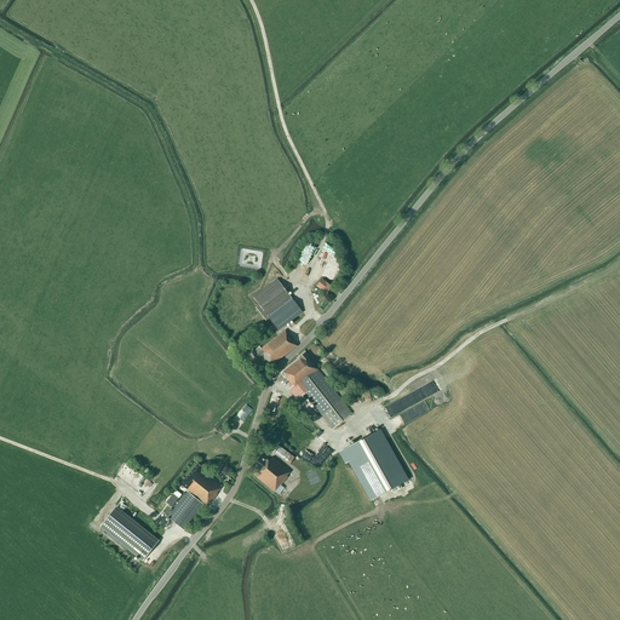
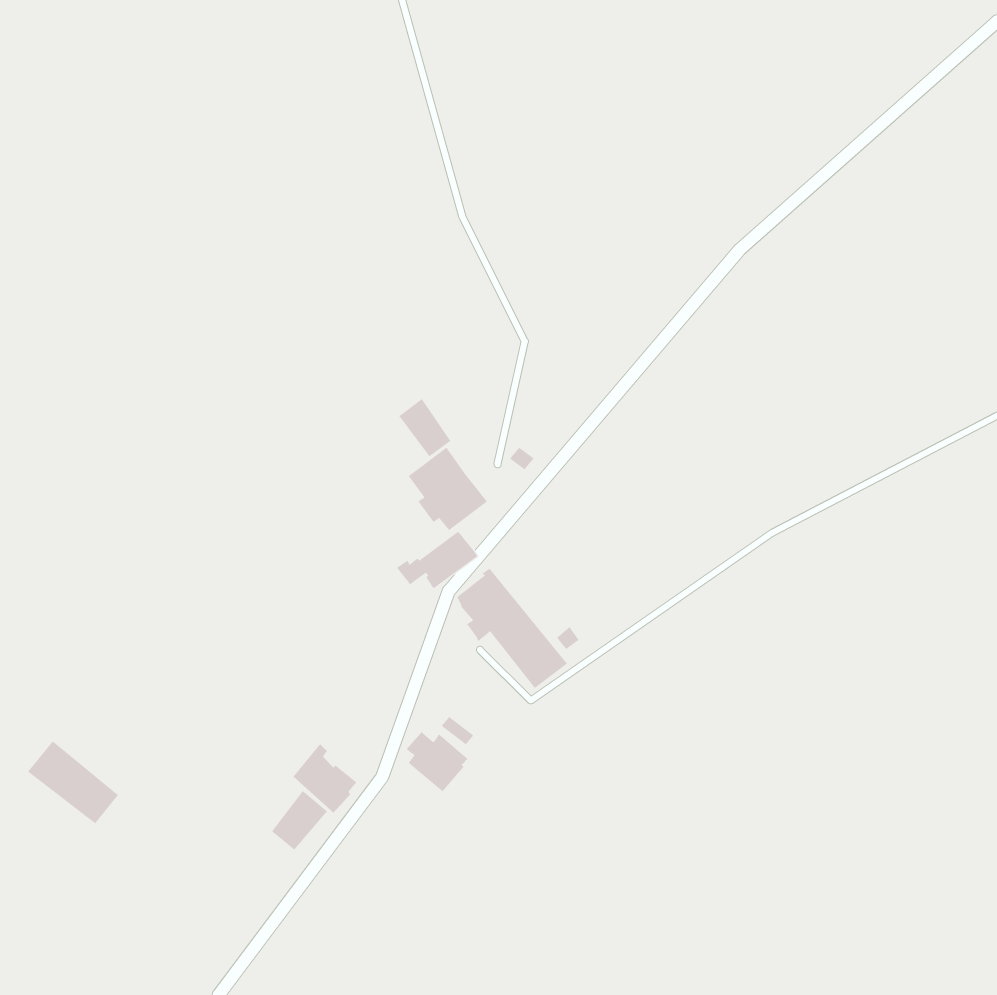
building: none -> [399,398,451,457]
building: [339,429,408,499] -> none
building: [101,507,157,559] -> [27,740,119,824]

